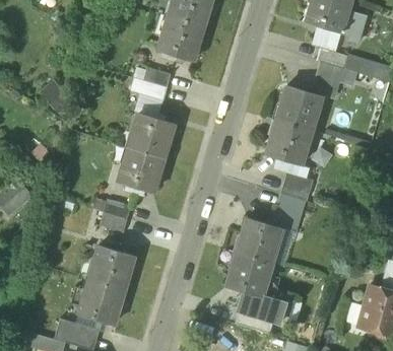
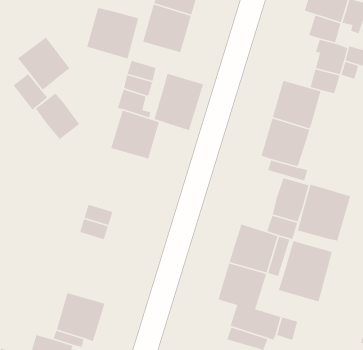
building: none -> [86,7,139,60]
building: none -> [17,36,71,91]
building: none -> [153,73,204,131]
building: none -> [35,93,80,140]
building: [118,148,163,193] -> none
building: none -> [297,184,351,241]
building: none -> [278,240,333,302]
building: [88,244,134,290] -> none

